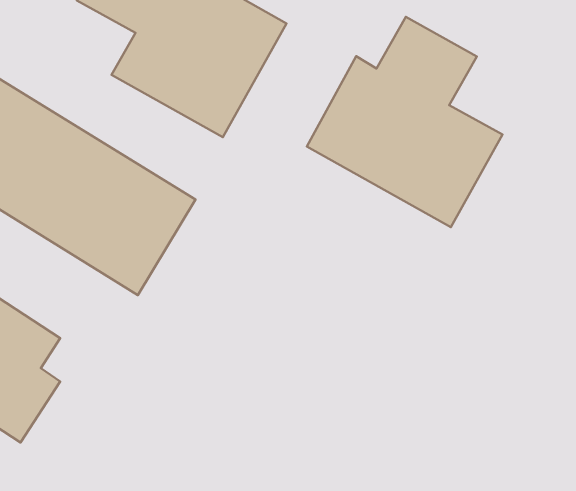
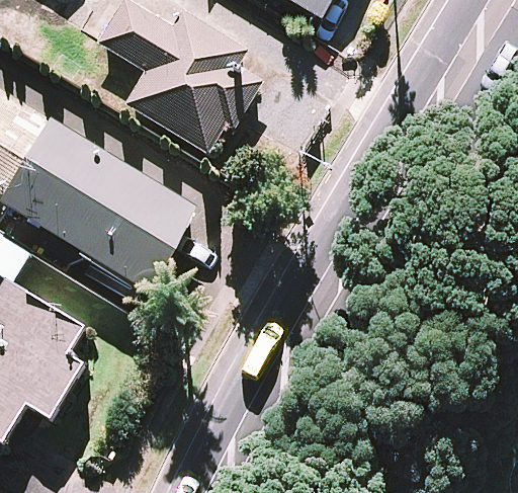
building: [307,17,503,227] -> none

